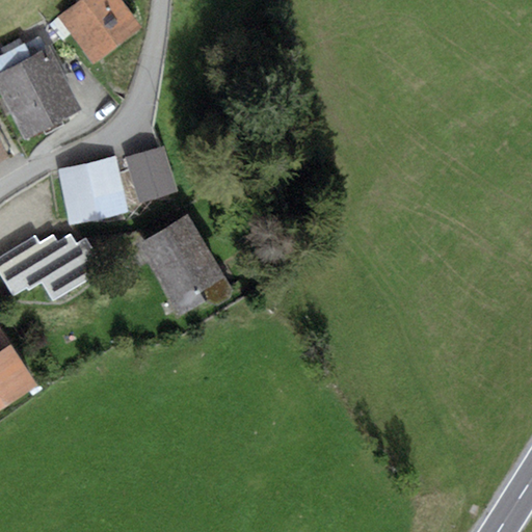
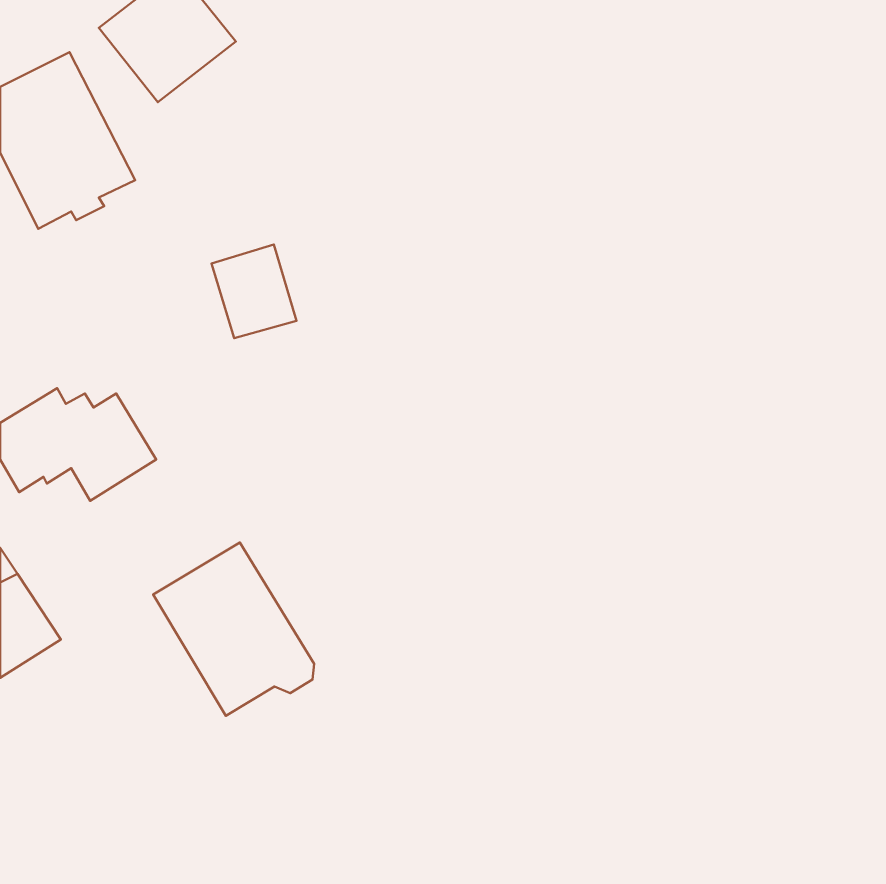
building: [58,158,127,223] -> none
building: [135,214,232,318] -> [153,542,314,716]

